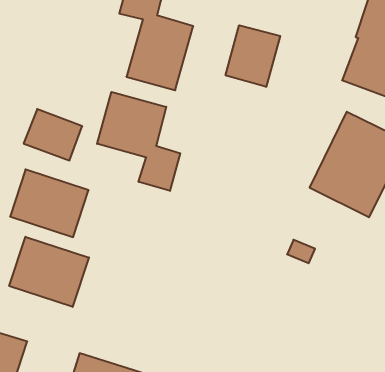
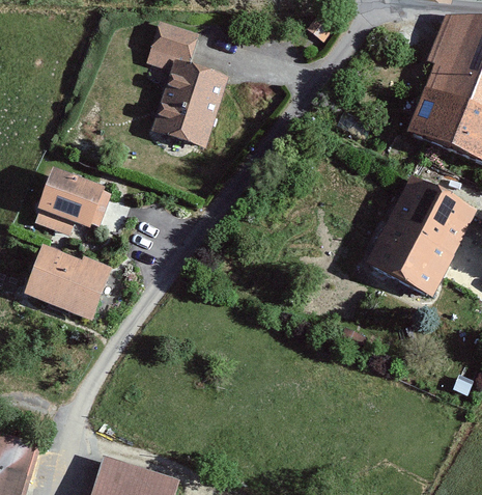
building: [226,25,280,87] -> none
building: [97,92,180,191] -> none
building: [9,237,89,307] -> none

